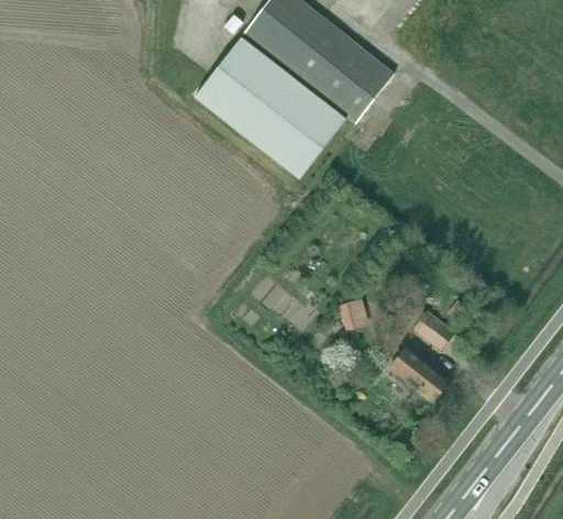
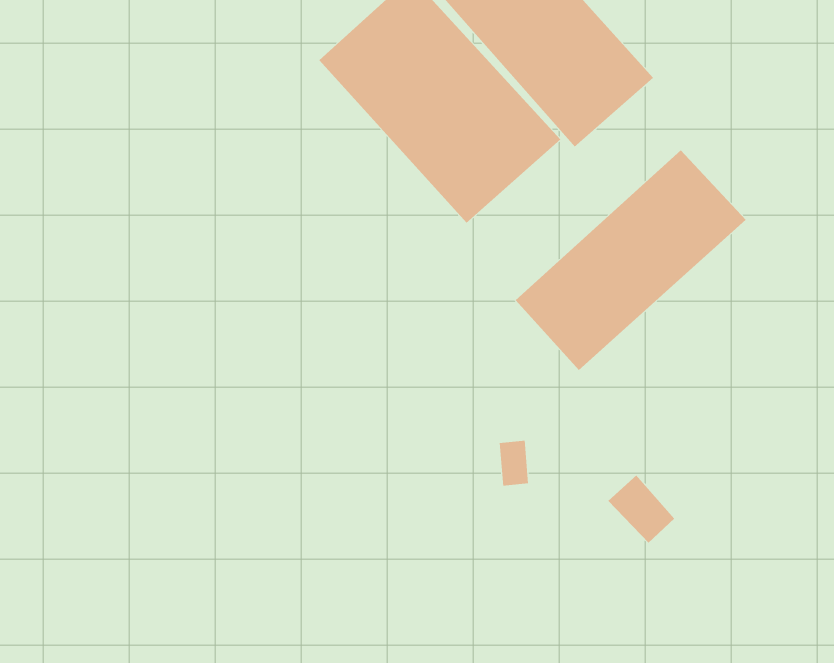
building: none -> [515,150,746,371]
building: [388,345,449,400] -> none

